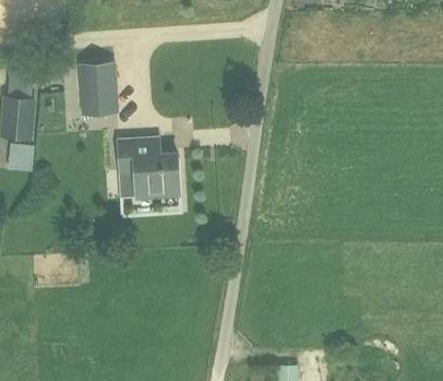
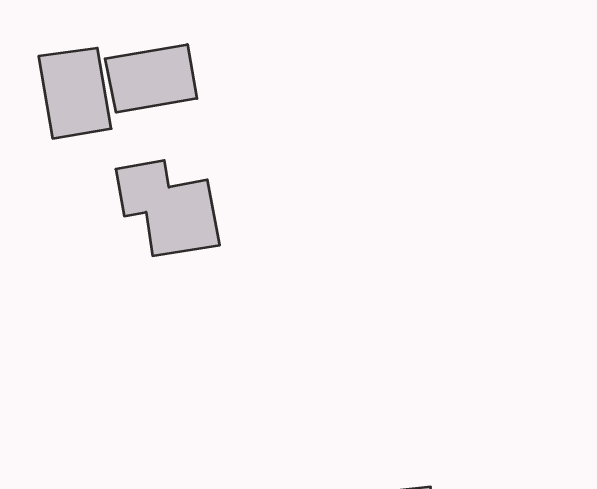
building: none -> [105,44,197,112]

